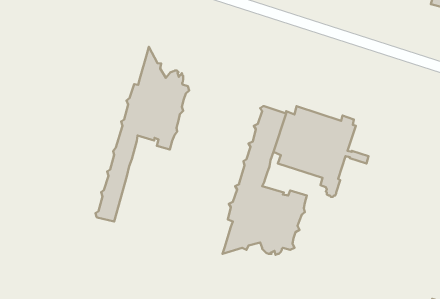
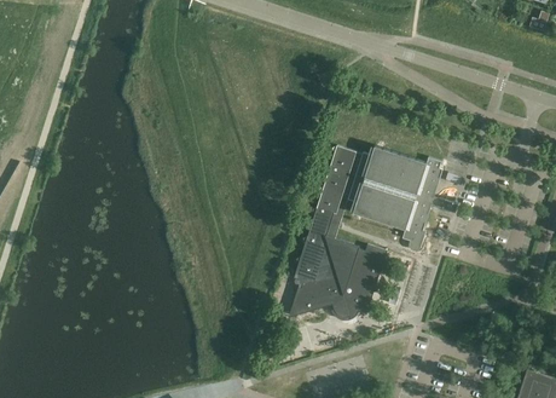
building: [96,47,189,222] -> none

